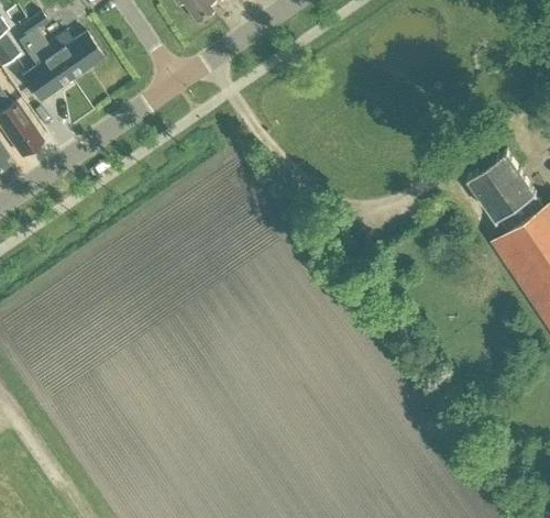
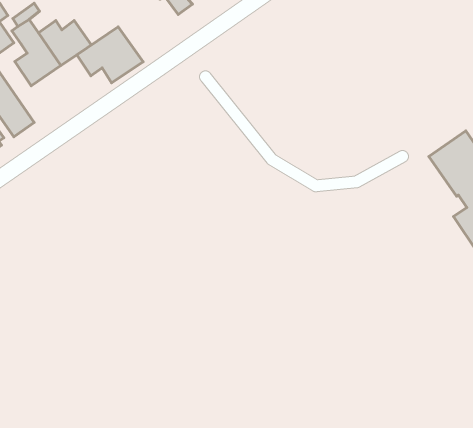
building: none -> [77,27,143,83]

